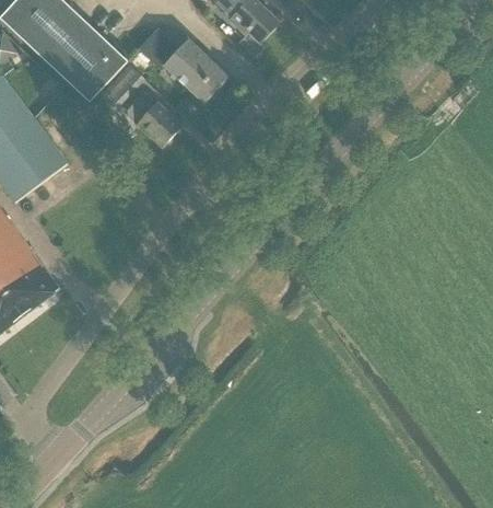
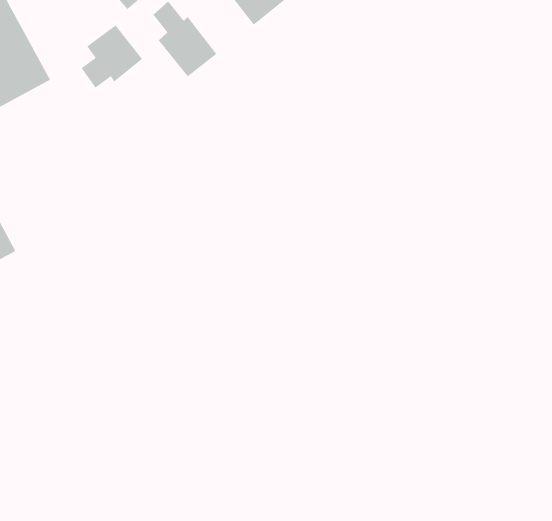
building: none -> [81,25,143,88]

